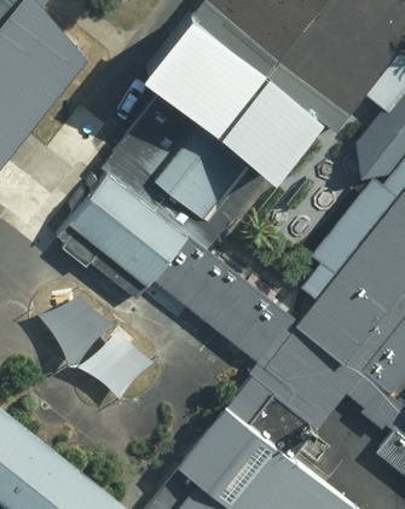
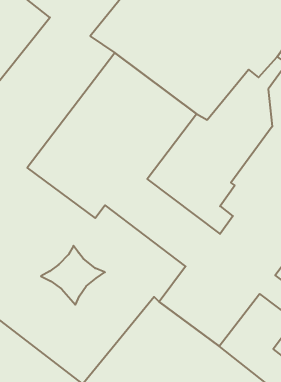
building: [37,299,118,374] -> none

